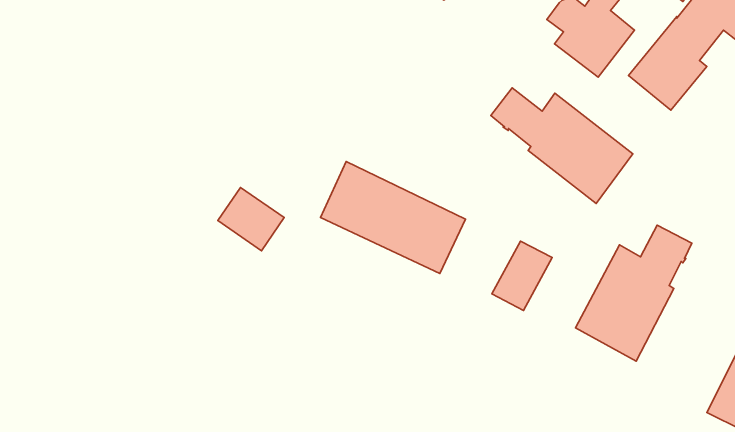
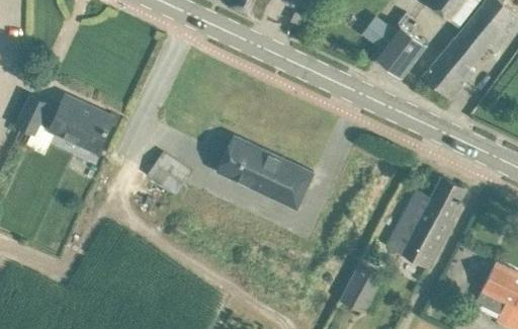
building: [491,88,633,204] -> none
building: none -> [17,95,112,151]
building: [492,241,552,311] -> [342,263,382,310]

